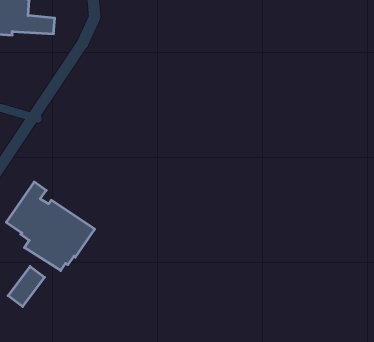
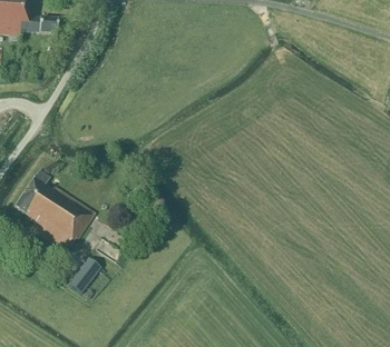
building: [8,266,45,307] -> [67,257,100,294]

